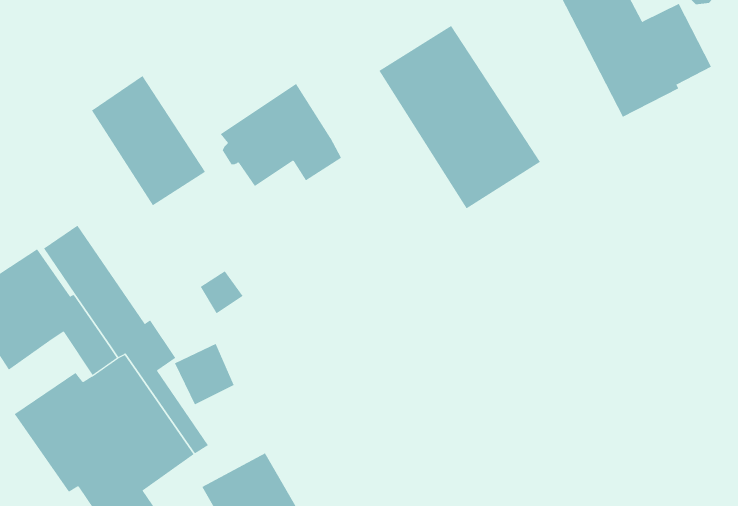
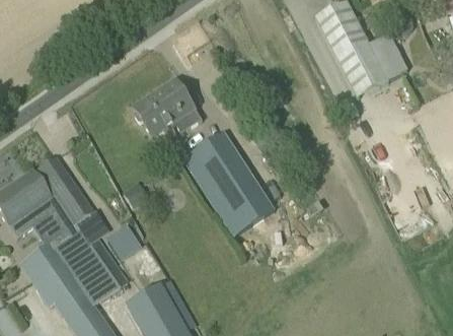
building: [379,25,541,209] -> [184,133,275,236]
building: [91,75,206,206] -> none

